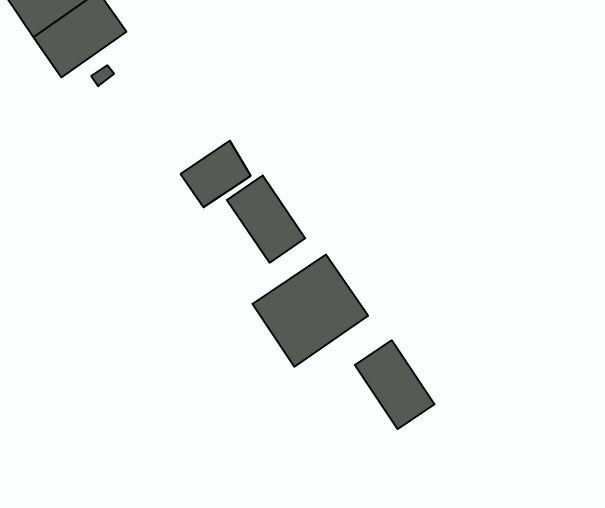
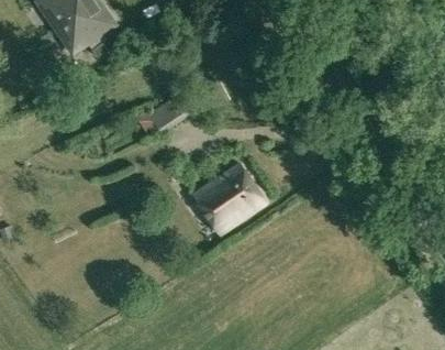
building: [227,175,305,263] -> none
building: [355,340,435,429] -> none

